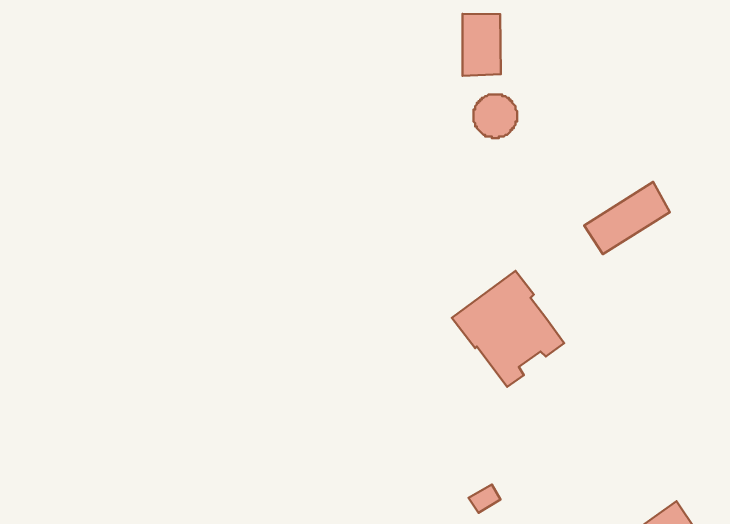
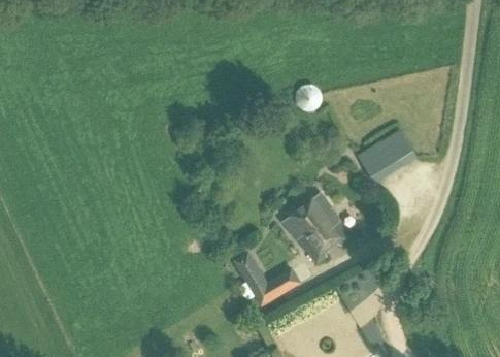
building: [462,14,501,76] -> none
building: none -> [232,252,300,307]

